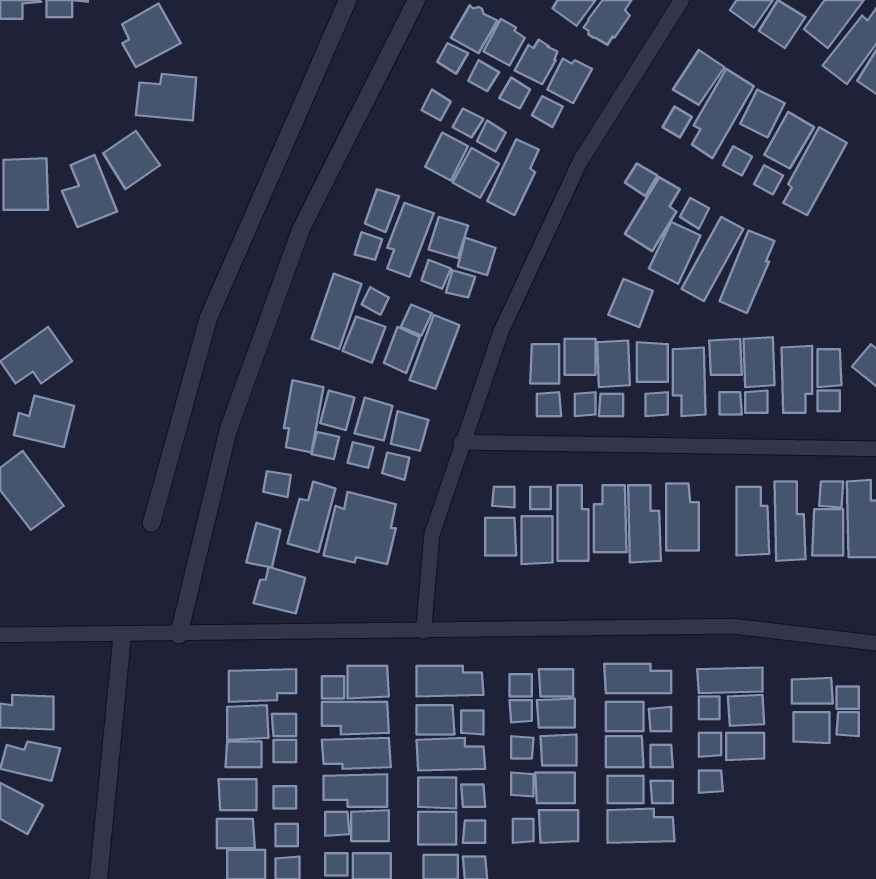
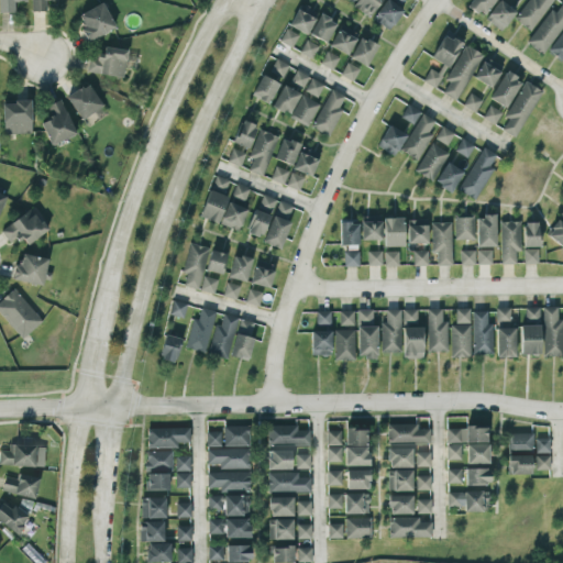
building: none -> [253,75,279,104]
building: [608,279,653,327] -> [378,125,407,156]
building: none -> [451,309,472,357]
building: [254,567,305,614] -> none
building: none -> [465,492,490,512]

